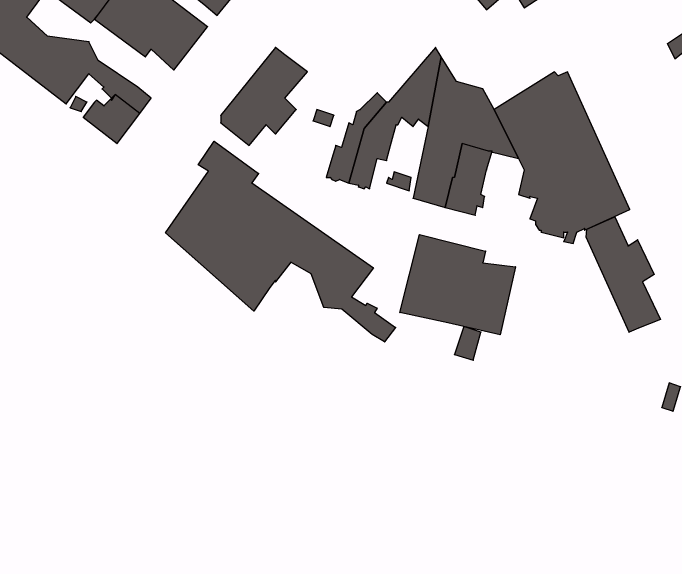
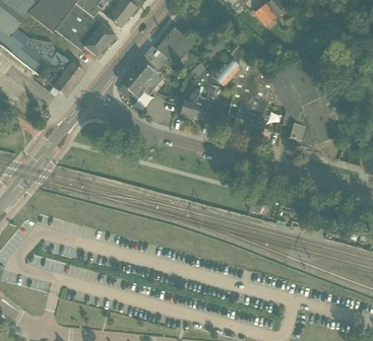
building: none -> [157,28,196,73]
building: [166,141,396,342] -> none
building: [586,217,661,332] -> none
building: [400,235,515,335] -> none

